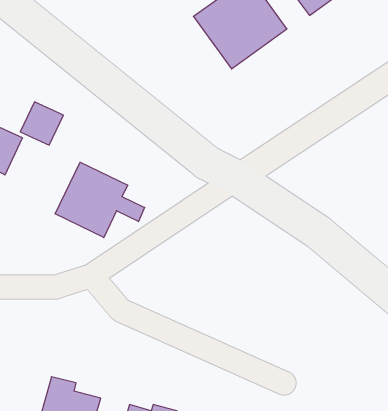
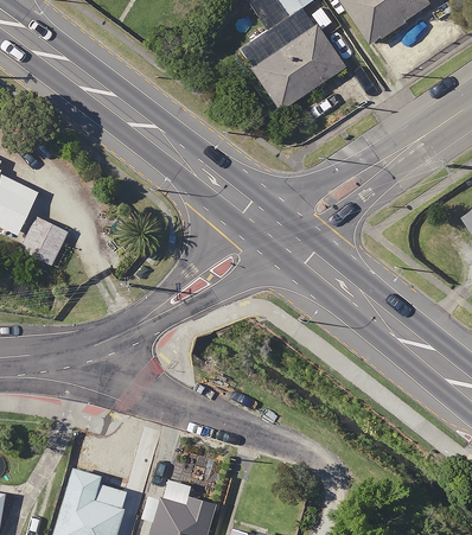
building: [20,102,63,145] -> [19,216,69,266]
building: [55,162,145,238] -> none

